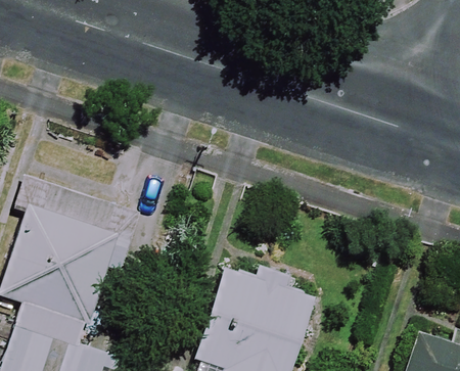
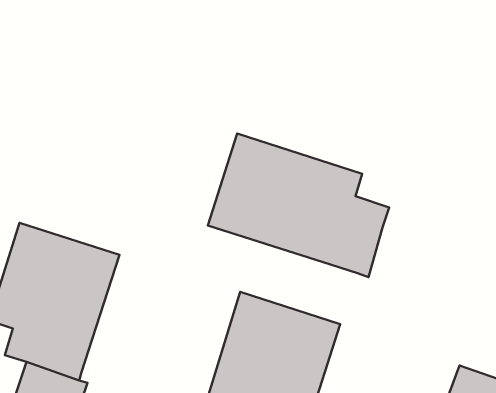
building: none -> [208,133,389,277]

